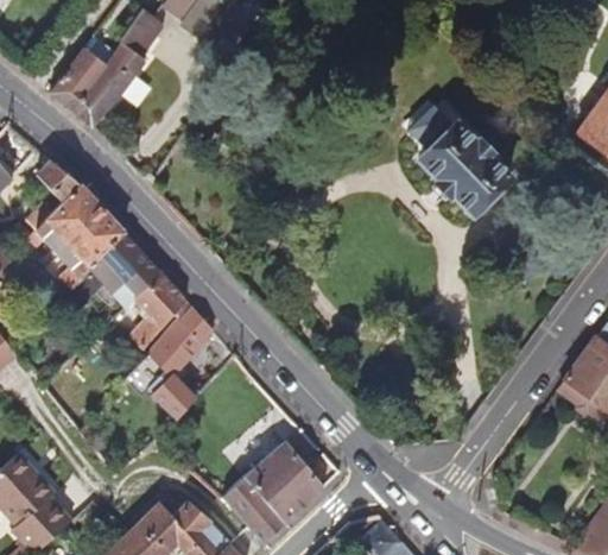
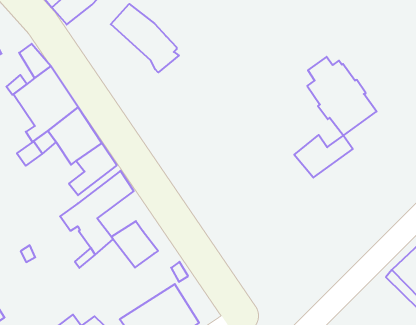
building: none -> [111,4,179,72]
building: none -> [294,135,353,178]
building: none -> [111,221,158,268]

